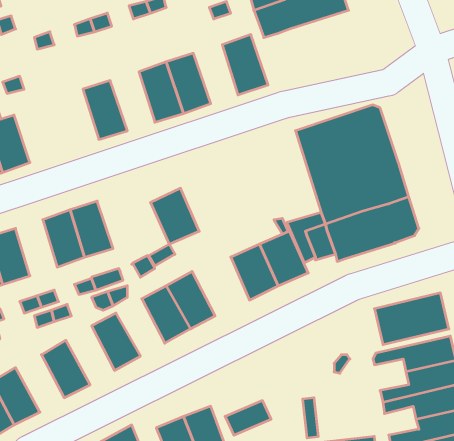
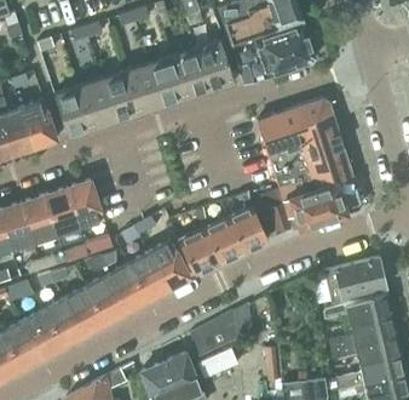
building: none -> [231,24,315,85]
building: none -> [172,48,209,98]
building: none -> [102,72,139,121]
building: none -> [54,86,92,137]
building: none -> [21,101,57,148]
building: [150,188,199,244] -> [178,228,219,275]
building: none -> [22,196,57,244]
building: none -> [106,263,148,312]
building: none -> [64,286,105,336]
building: none -> [190,304,253,358]
building: none -> [22,310,63,359]

